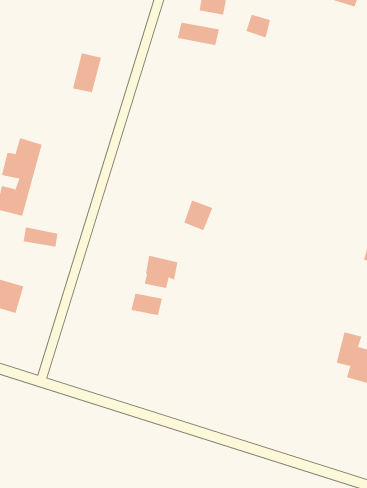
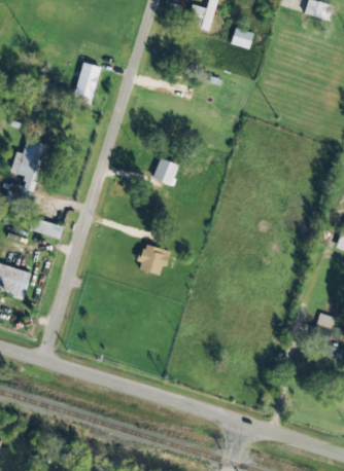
building: [177,22,219,46] -> none
building: [183,200,213,231] -> [152,158,179,186]
building: [131,293,162,316] -> none

